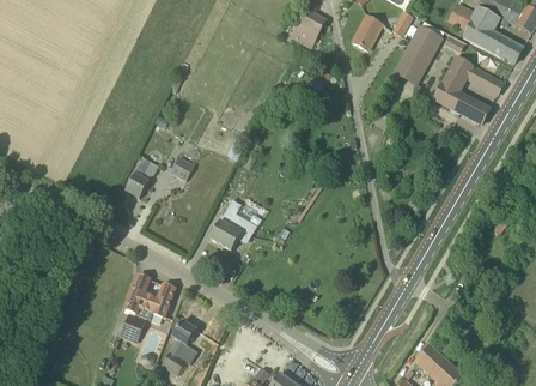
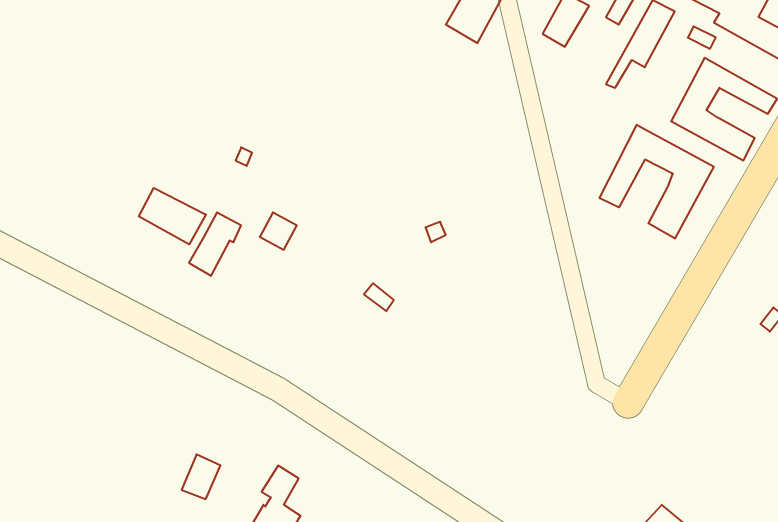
building: none -> [600,125,714,239]
building: none -> [139,188,206,244]
building: [209,206,249,251] -> none
building: [126,275,175,318] -> none

